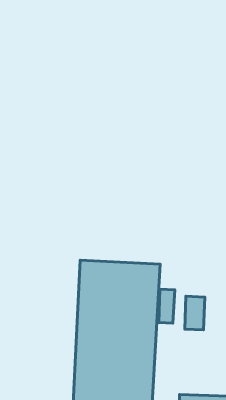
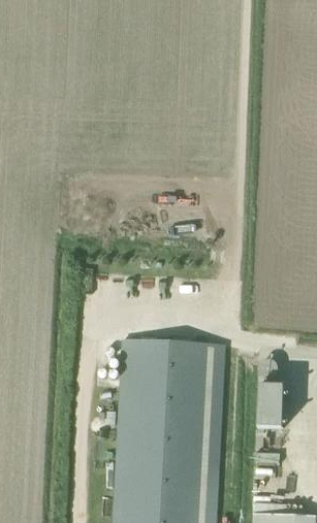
building: [159,289,175,323] -> none

